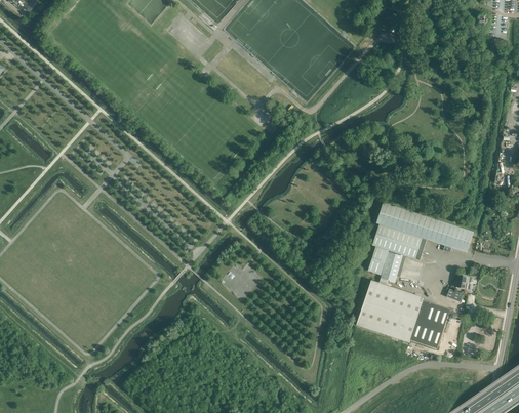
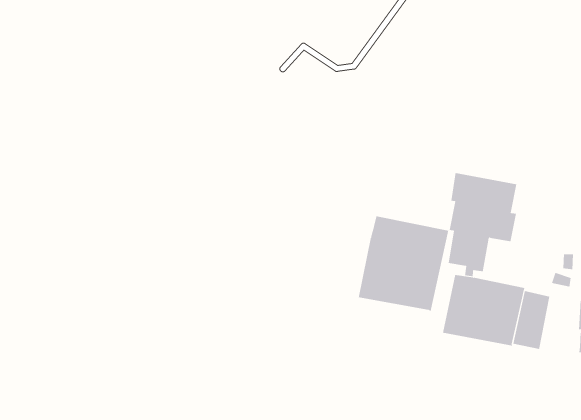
building: [422,216,473,252] -> none
building: none -> [358,216,449,312]

